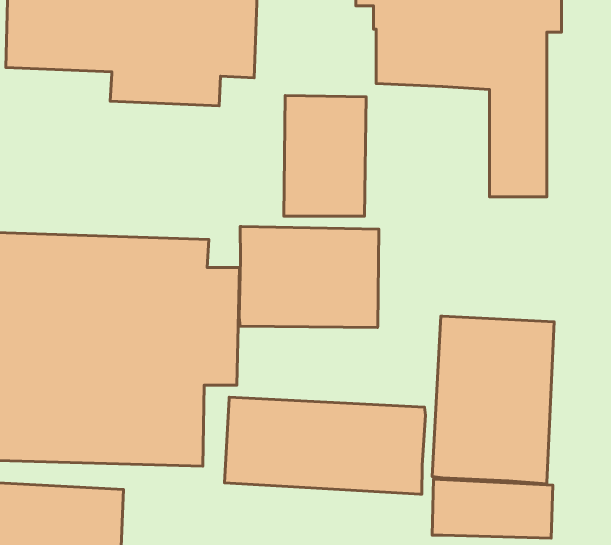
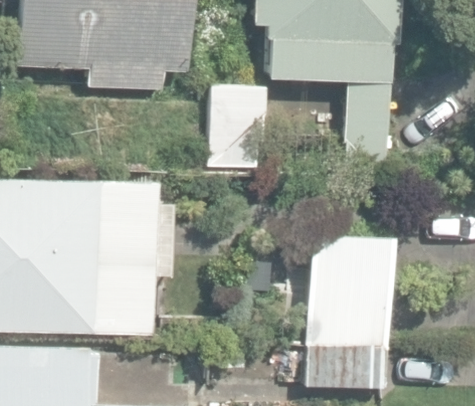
building: [239,226,379,327] -> none
building: [225,397,425,494] -> none

